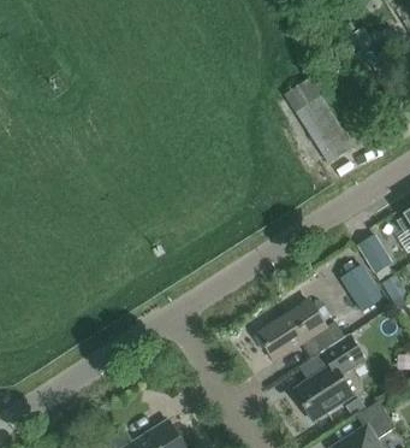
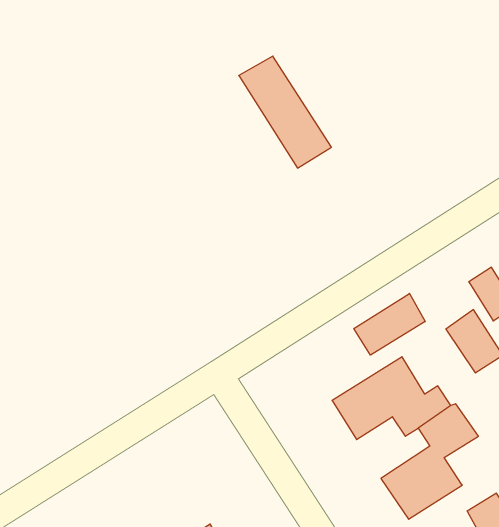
building: [284,81,352,164] -> [239,56,331,168]
building: none -> [354,293,425,355]

